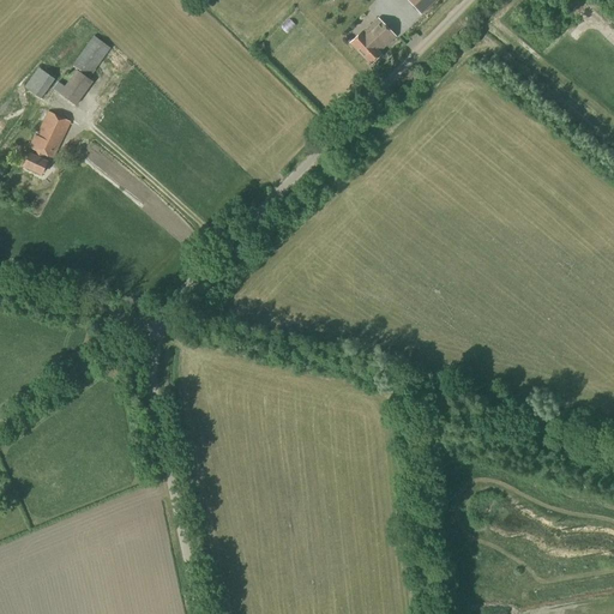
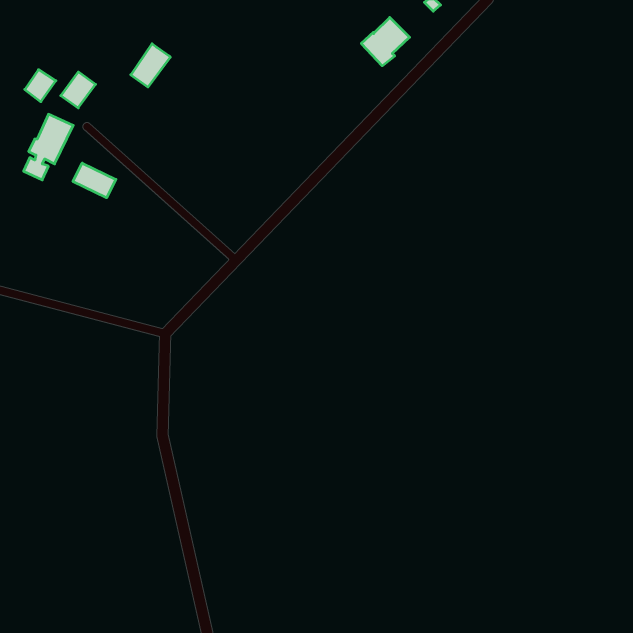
building: [73,35,112,77] -> [131,44,170,87]
building: none -> [73,163,116,198]

